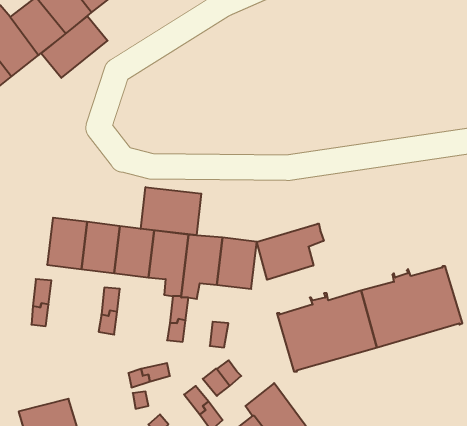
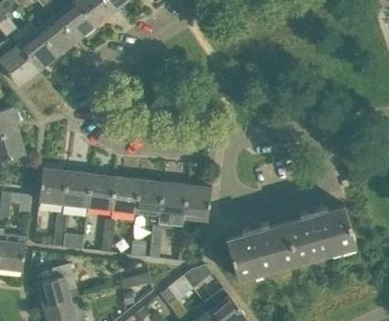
building: [41,16,108,78] -> none
building: [141,187,201,235] -> none
building: none -> [38,169,67,204]
building: [257,224,324,280] -> none
building: none -> [36,264,78,307]

